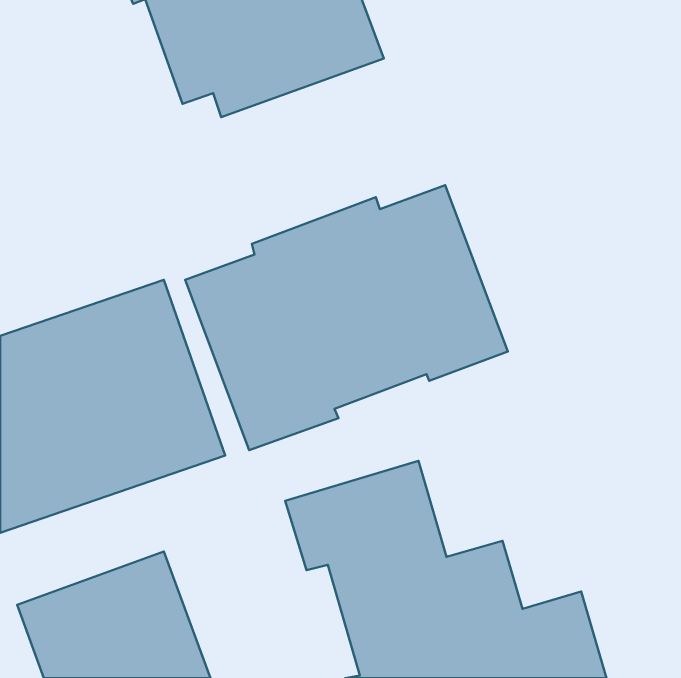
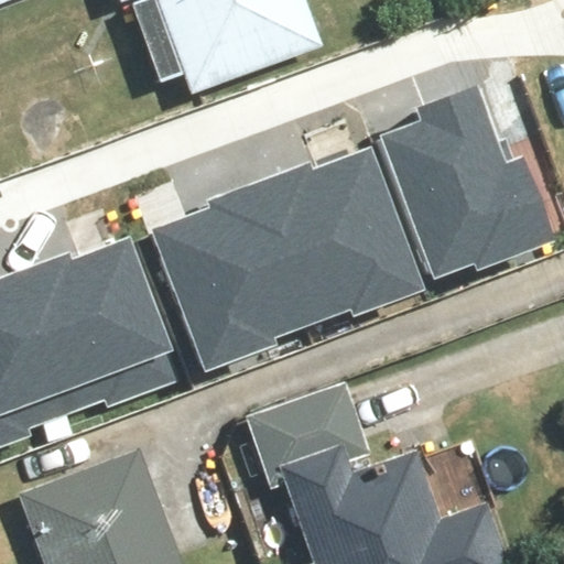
building: none -> [381,87,558,279]

